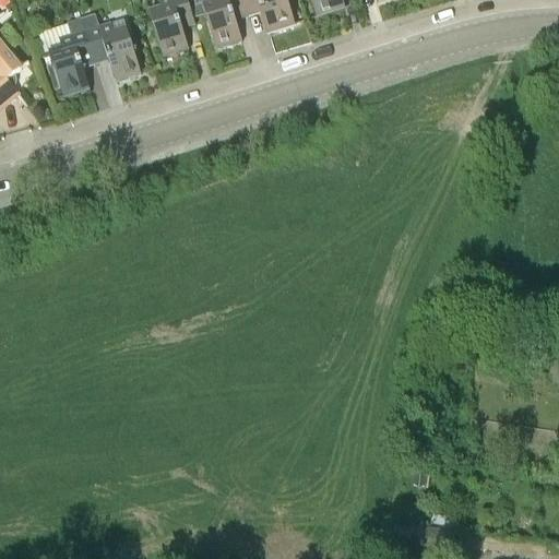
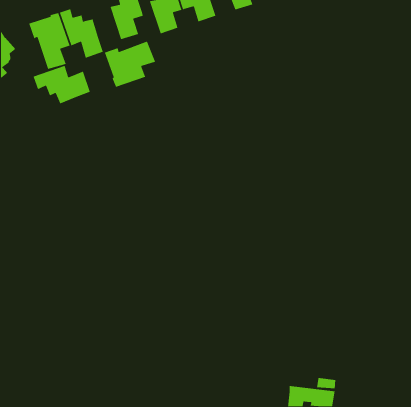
building: none -> [104,41,156,88]
building: none -> [33,65,91,104]

